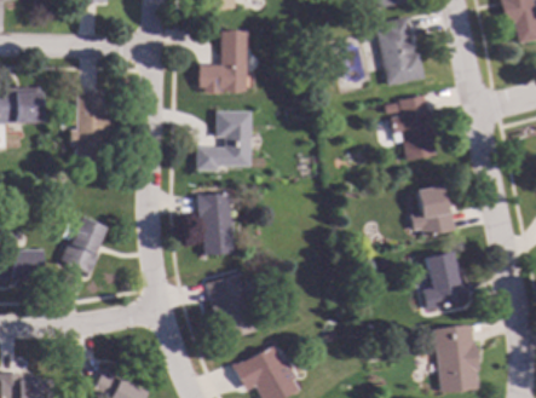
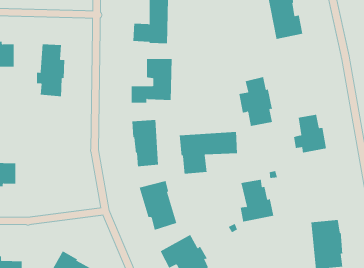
building: [392,94,438,161] -> [238,77,273,127]
building: none -> [179,131,237,174]
building: [62,218,106,273] -> none
building: [425,253,471,310] -> [240,179,274,222]

